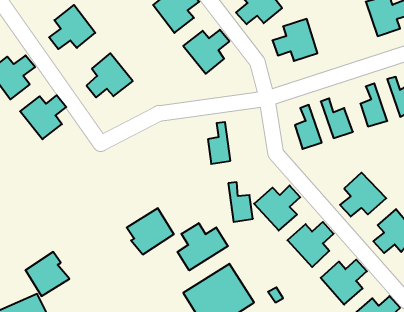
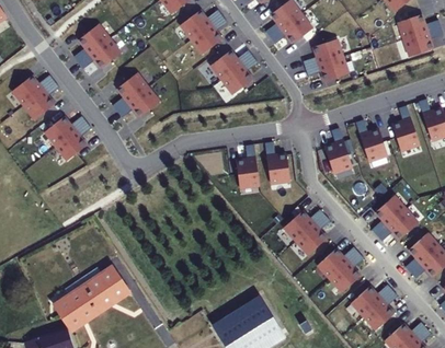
building: [228,182,253,222] -> [265,143,290,184]
building: [127,208,174,254] -> [79,258,127,305]
building: [178,223,228,270] -> none

